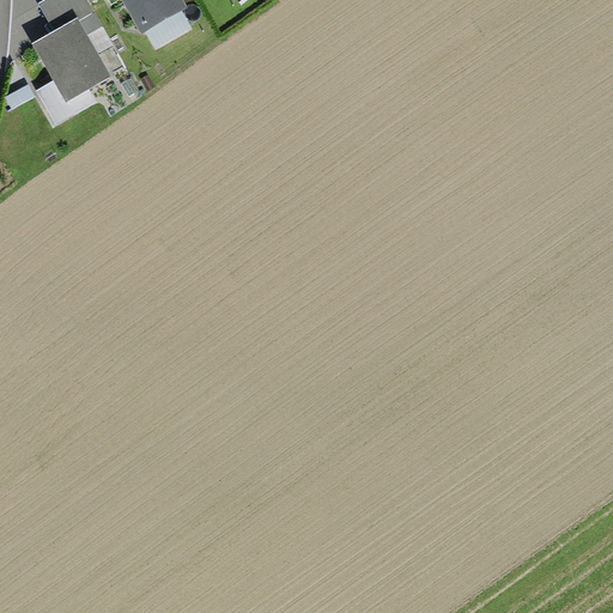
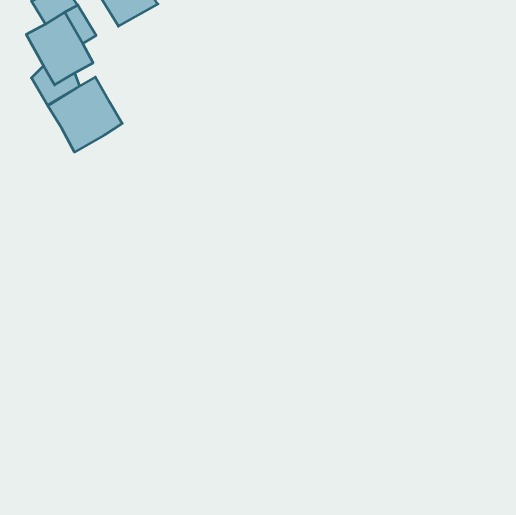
building: none -> [48,77,122,152]

